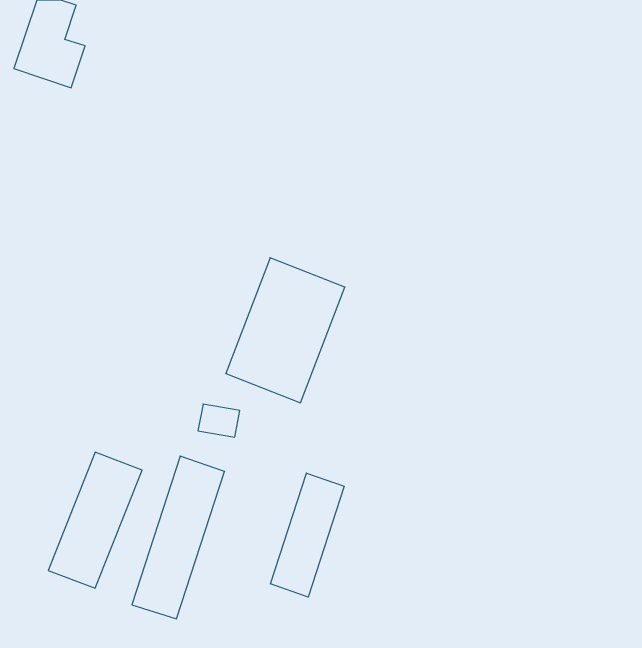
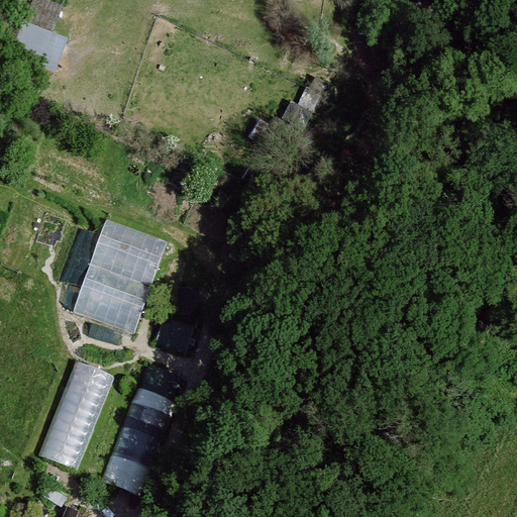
building: [226,258,345,403] -> [72,218,167,333]
building: [270,473,344,597] -> none

